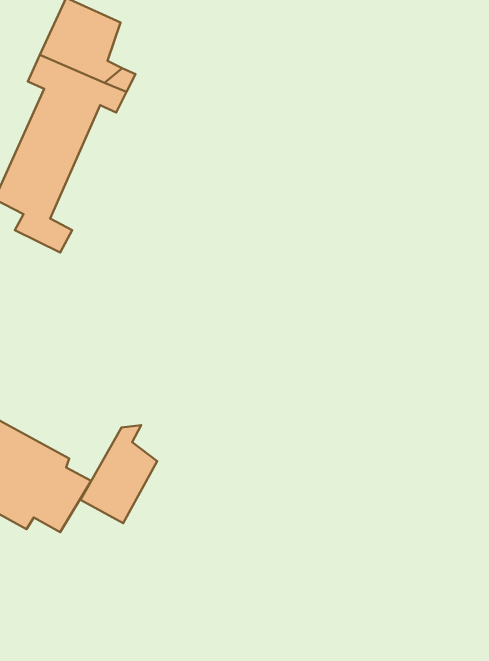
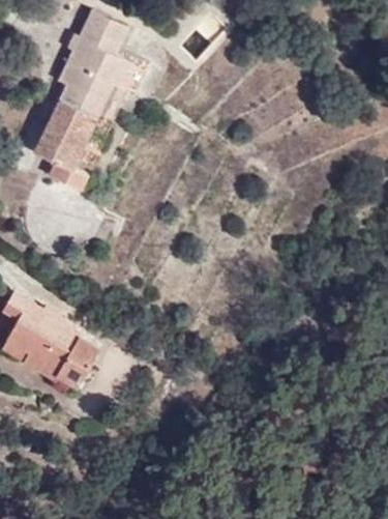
building: [80,425,157,523] -> none

